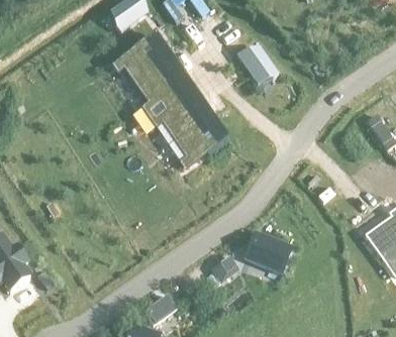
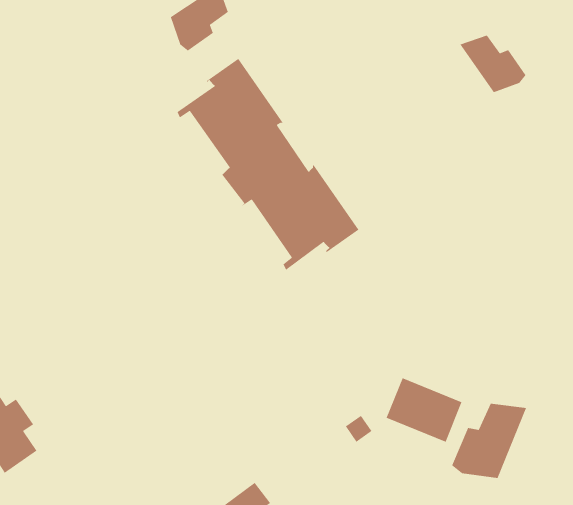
building: [237,48,279,85] -> [459,34,526,93]
building: none -> [451,403,527,479]

